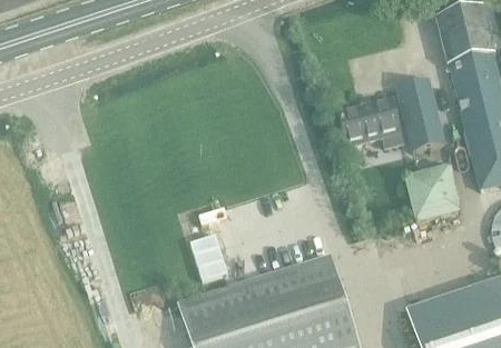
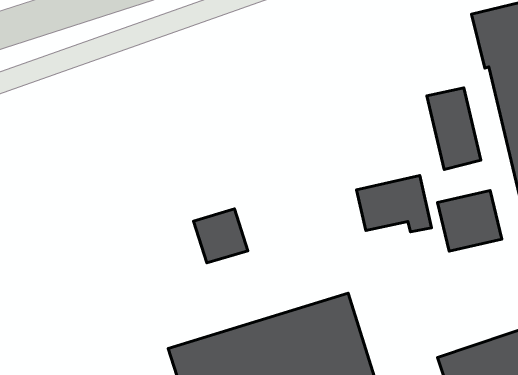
building: [341,99,404,147] -> [357,175,432,232]
building: none -> [194,209,248,263]

